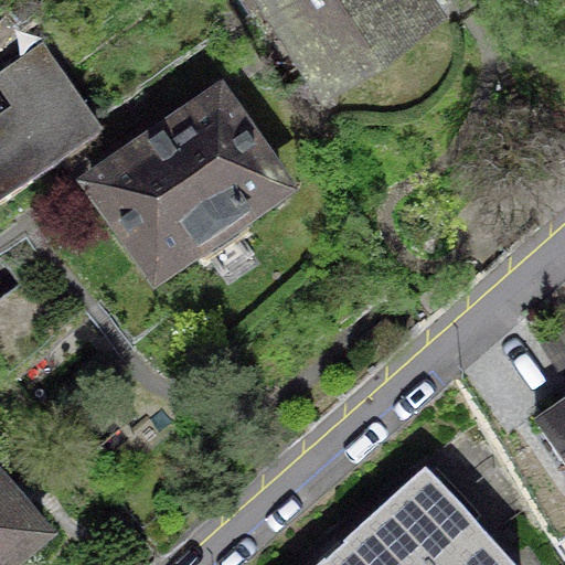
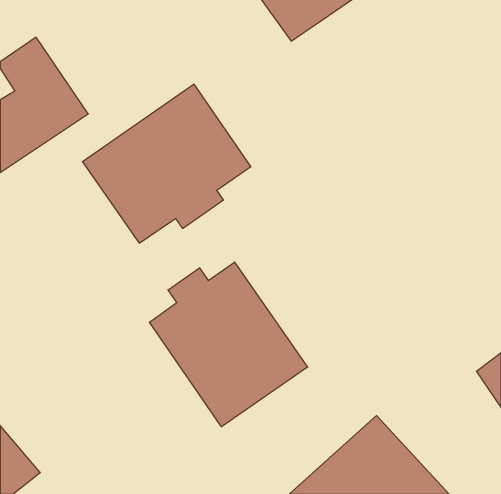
building: none -> [149,262,308,427]

